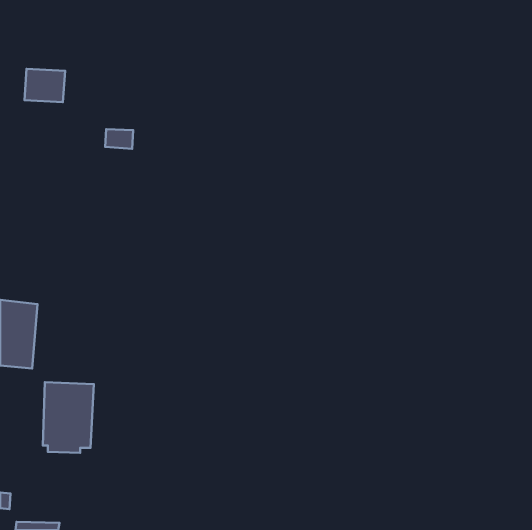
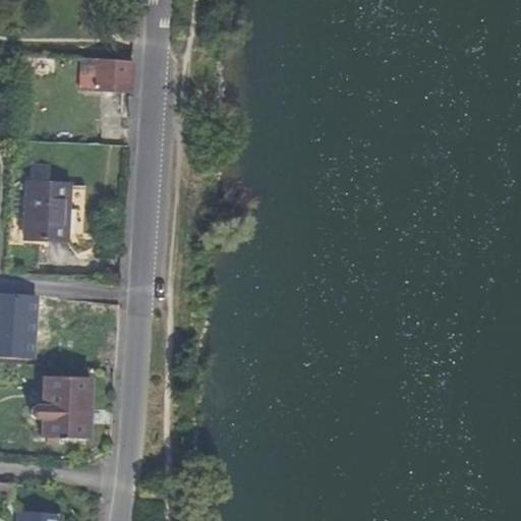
building: [24,69,65,102] -> [95,58,134,91]
building: none -> [24,183,70,240]

